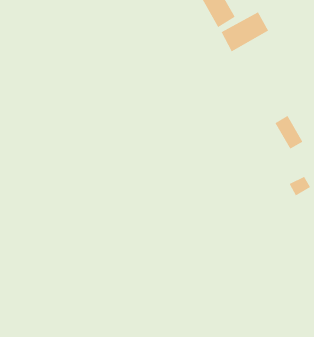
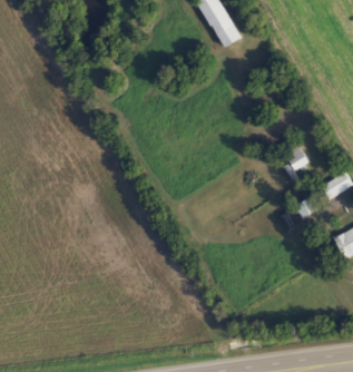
building: [221,11,269,52] -> none

